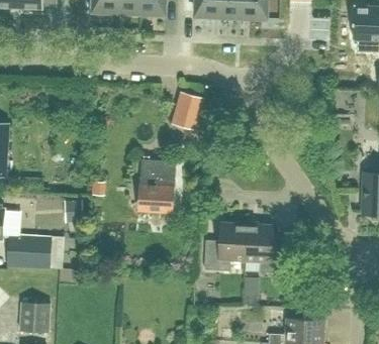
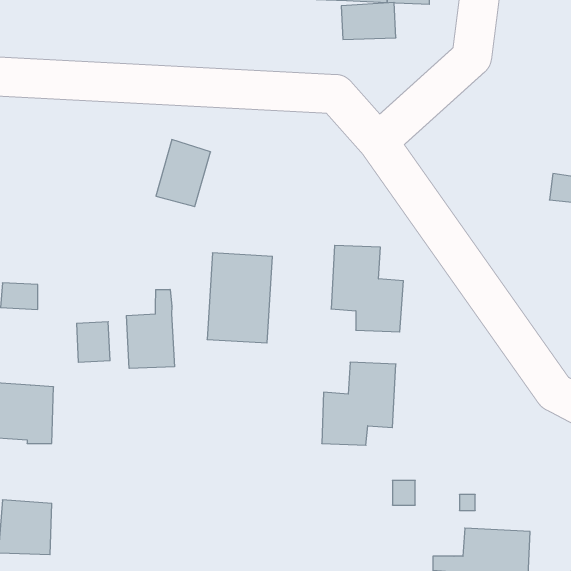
building: [170,94,201,132] -> [156,140,211,207]
building: none -> [126,289,174,368]
building: [245,224,286,273] -> [331,245,403,332]

